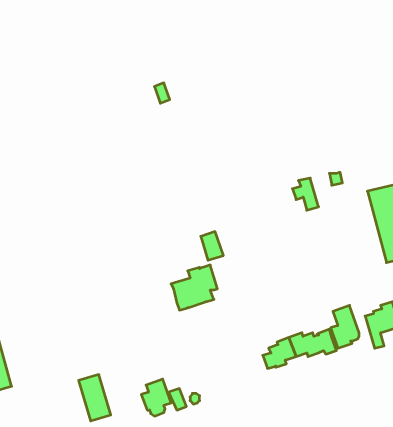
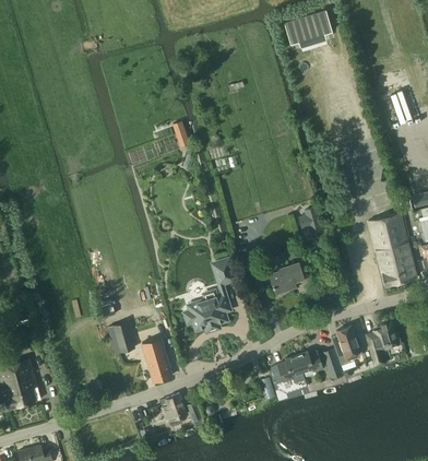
building: none -> [269,262,305,295]
building: none -> [107,321,135,354]
building: [79,375,111,421] -> [142,339,171,381]

